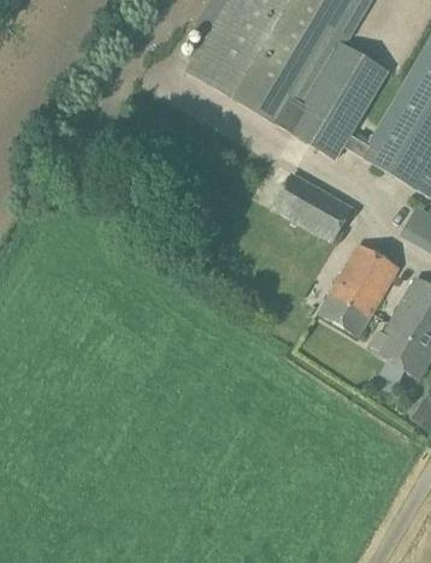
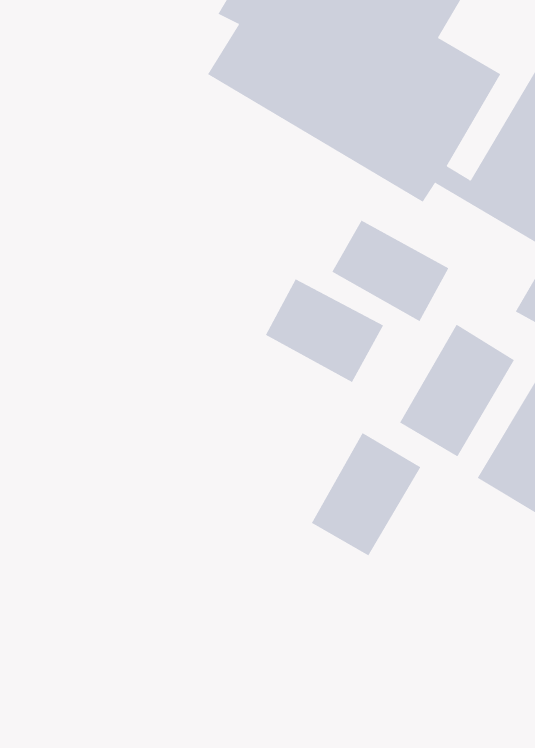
building: none -> [265,279,384,383]
building: none -> [311,432,421,556]

